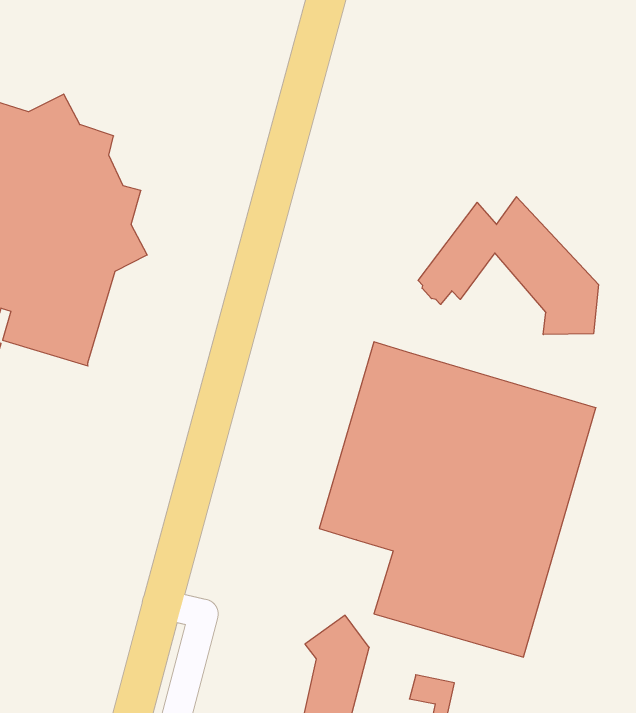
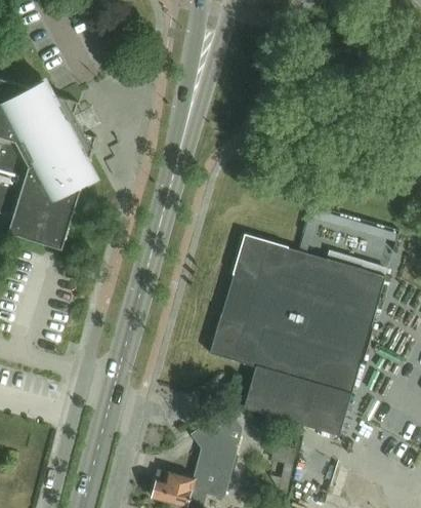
building: [418,197,598,335] -> none

